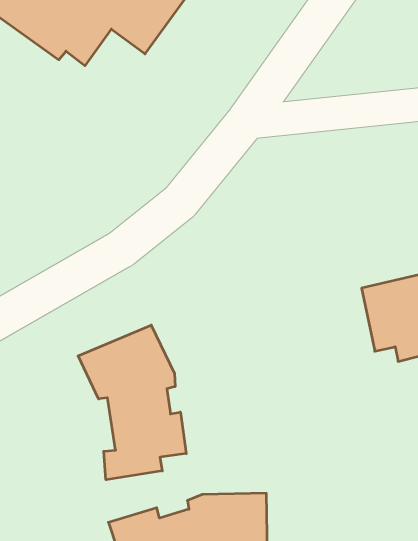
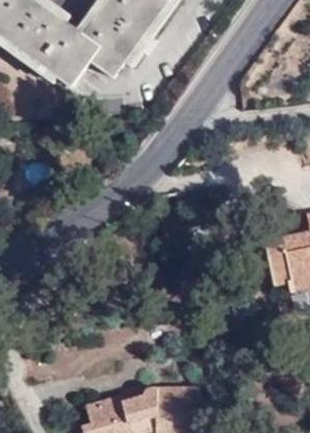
building: [78,325,186,480] -> none

